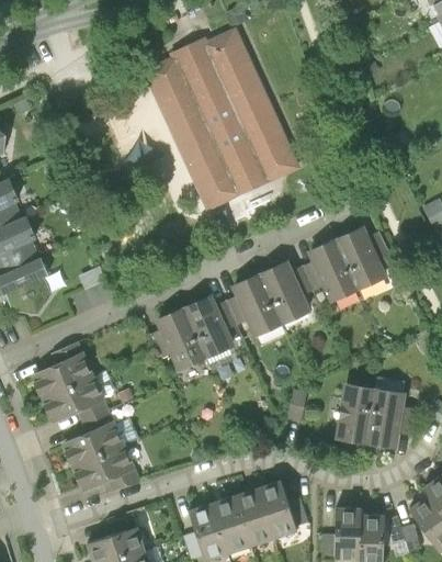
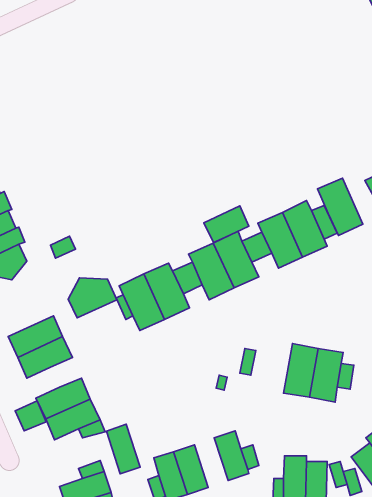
building: [141,26,301,211] -> none
building: none -> [317,178,363,235]
building: none -> [204,206,249,243]
building: none -> [68,278,117,318]
building: [78,401,112,434] -> [15,401,46,431]
building: [237,490,274,544] -> [106,424,140,474]

